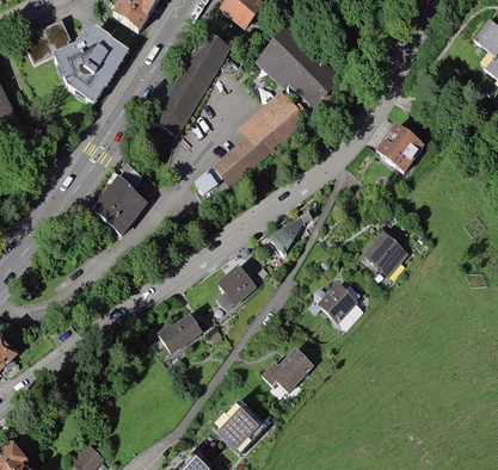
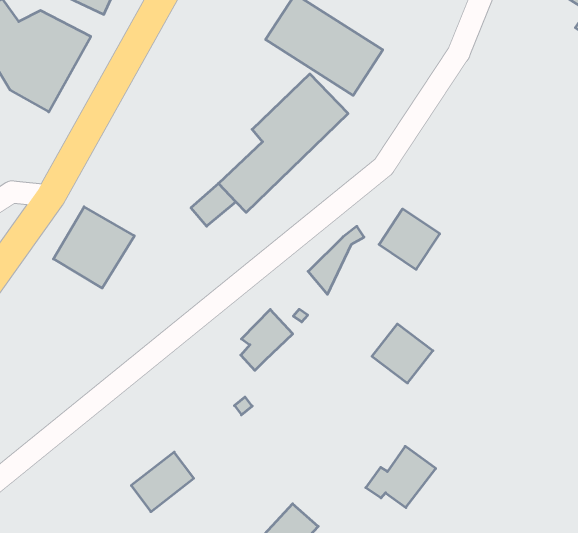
building: [149,36,228,142] -> none
building: [379,119,426,169] -> none
building: [363,229,408,274] -> [379,209,440,269]
building: [160,308,207,351] -> [131,452,194,512]
building: [262,346,314,391] -> [366,446,436,508]

